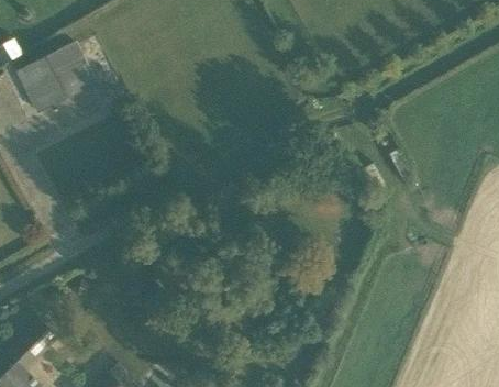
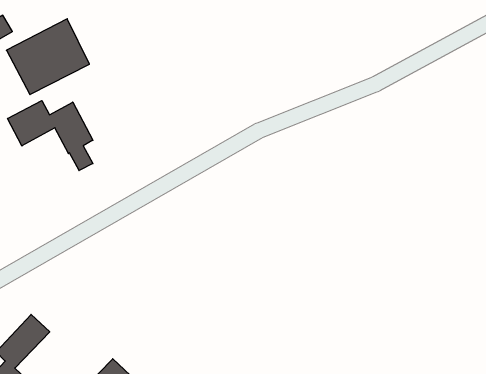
building: none -> [8,101,93,171]

